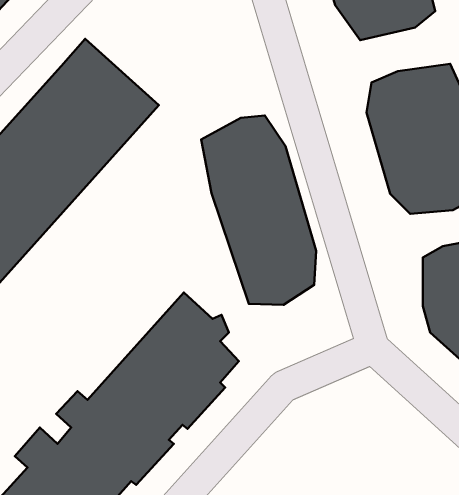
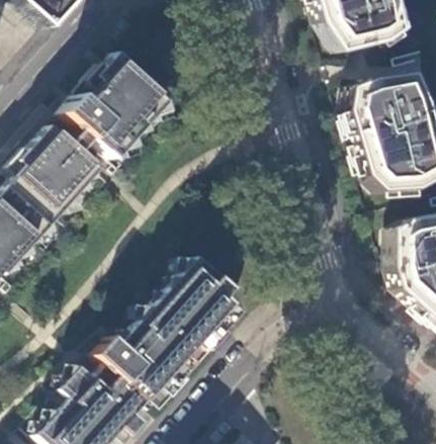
building: [201,115,316,305] -> none

